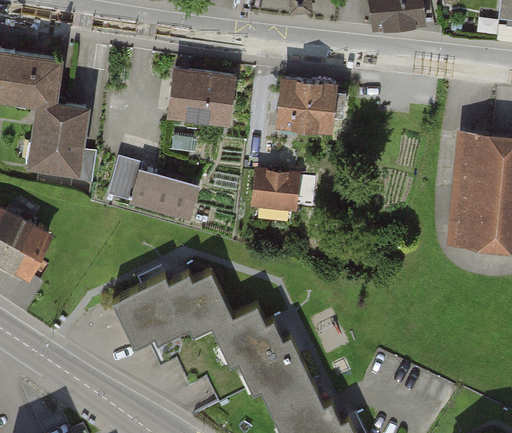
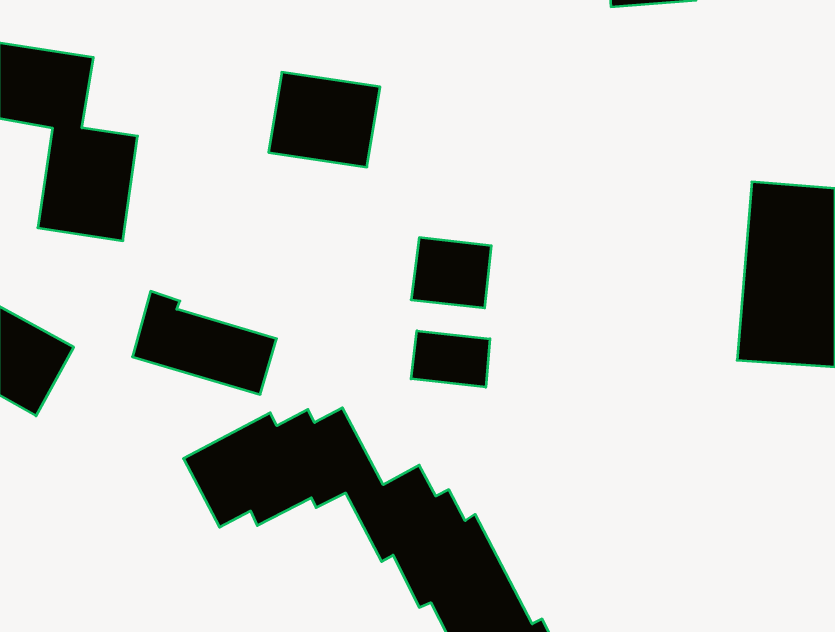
building: [274,78,334,132] -> none
building: [109,158,197,221] -> [132,291,277,394]
building: none -> [411,331,490,387]

